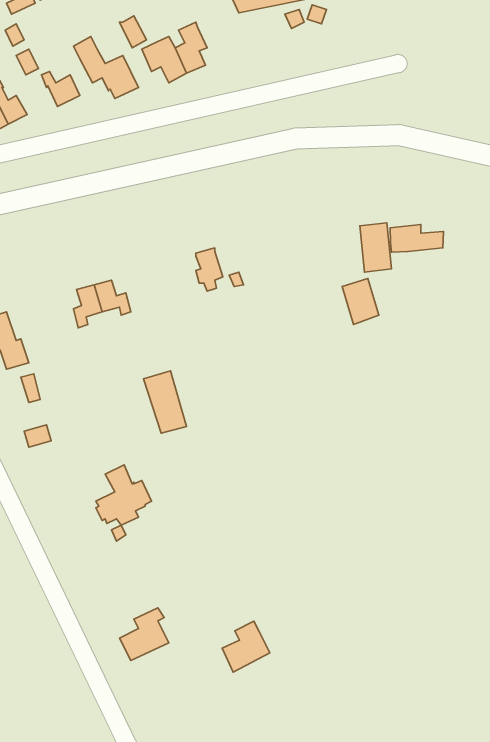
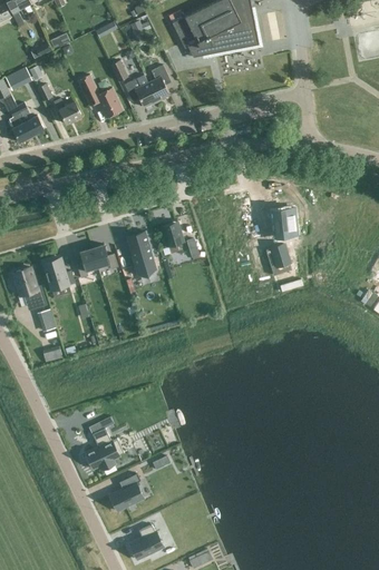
building: [390,225,444,252] -> none
building: none -> [42,257,75,298]
building: [144,371,186,433] -> [126,230,156,274]
building: [96,465,151,525] -> [85,426,124,469]
building: [222,621,270,672] -> [129,523,163,559]

